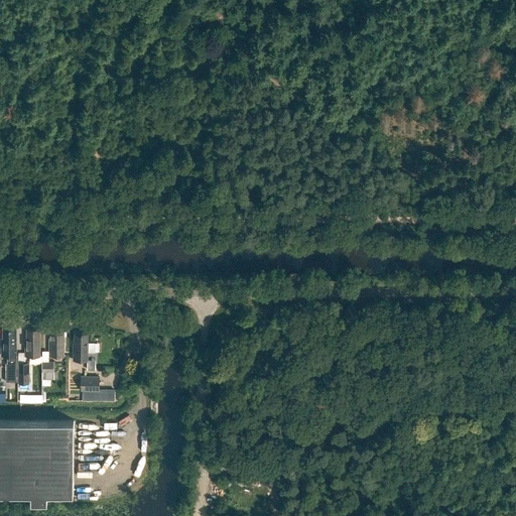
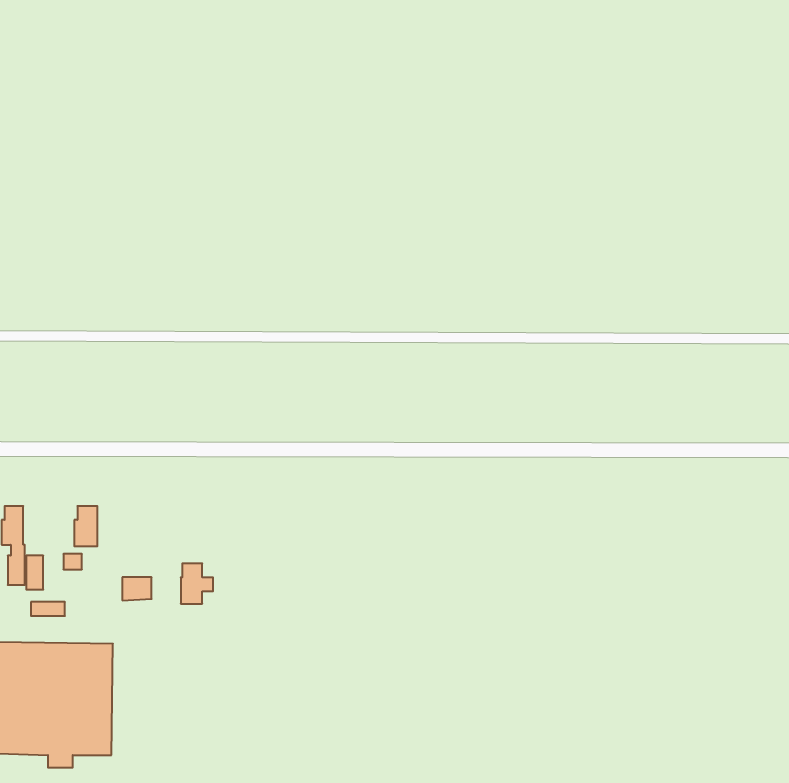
building: [24,334,39,361] -> none
building: [73,339,94,365] -> [181,563,213,604]

